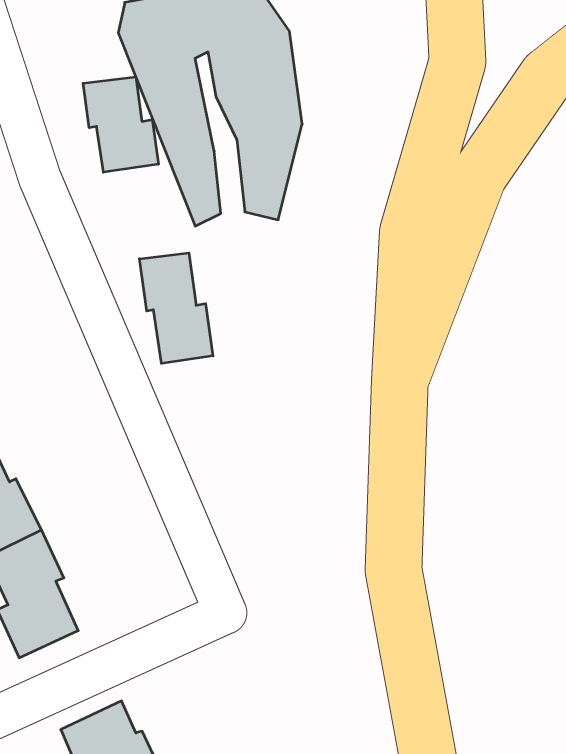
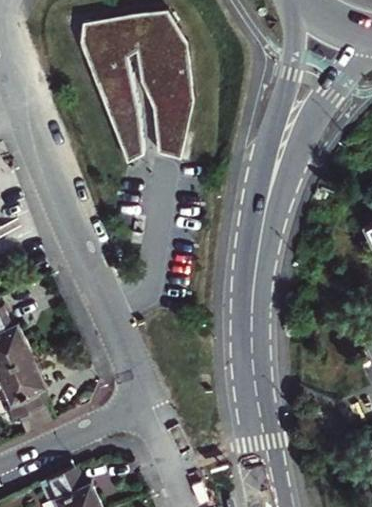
building: [83,77,158,172] -> none
building: [139,253,213,363] -> none

